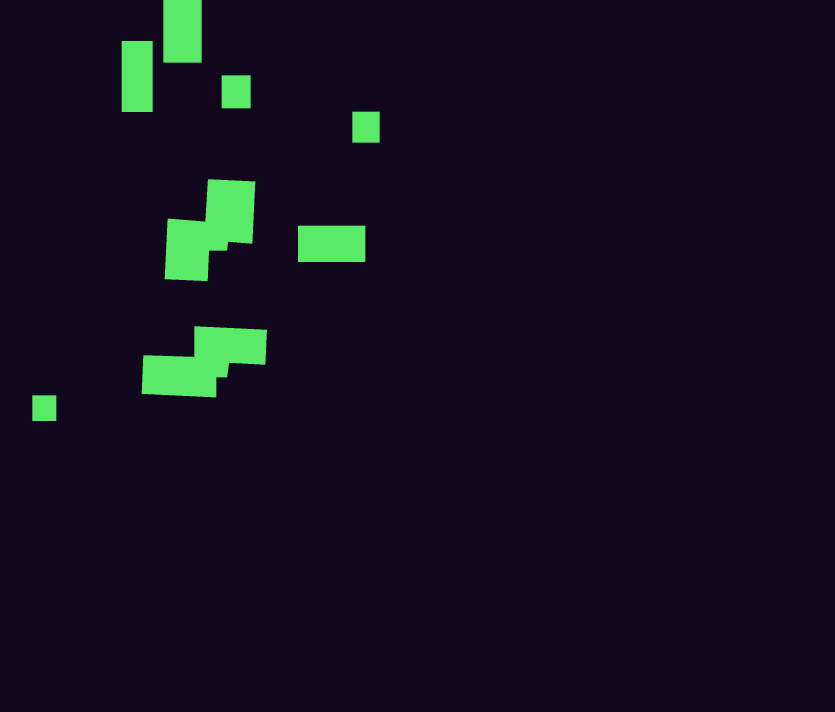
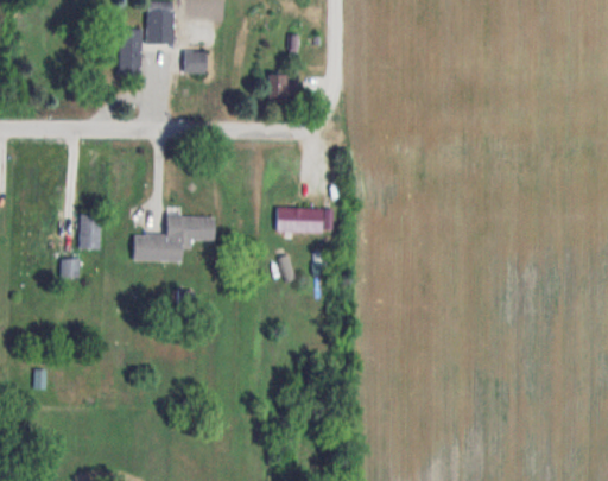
building: [164,179,256,282] -> none
building: [297,225,366,263] -> [278,208,323,233]
building: none -> [80,215,101,249]

